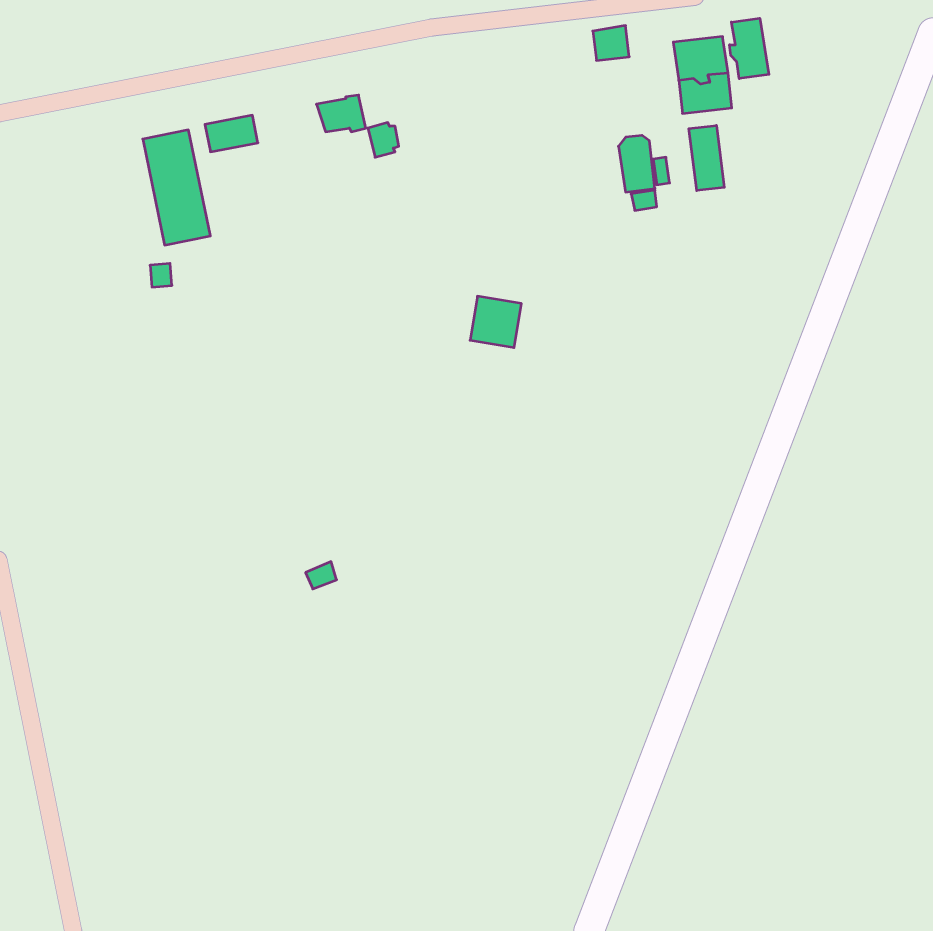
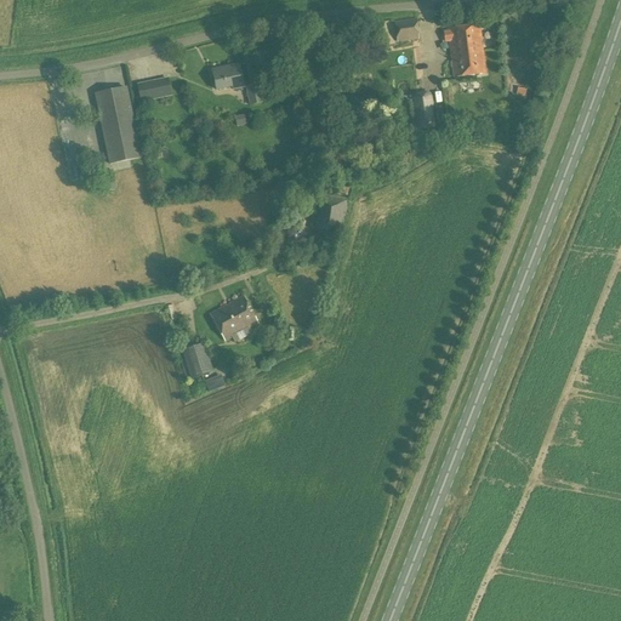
building: [730,18,769,79] -> none
building: [689,125,724,191] -> none
building: none -> [210,295,256,338]
building: none -> [176,342,211,378]

